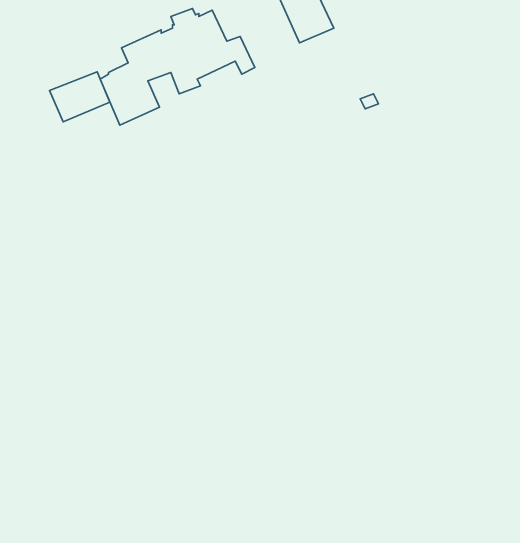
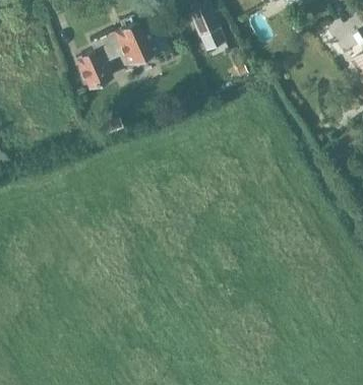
building: [49,72,110,122] -> none

